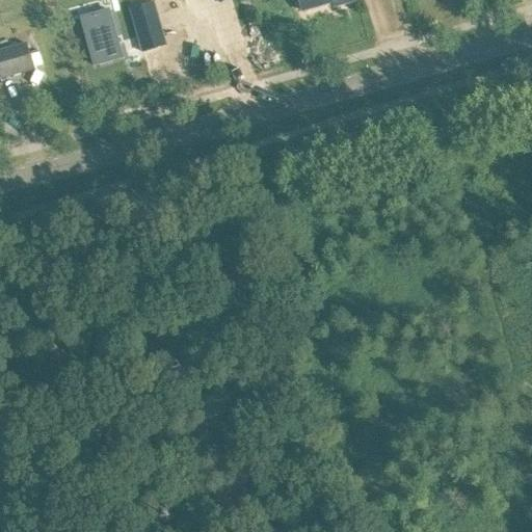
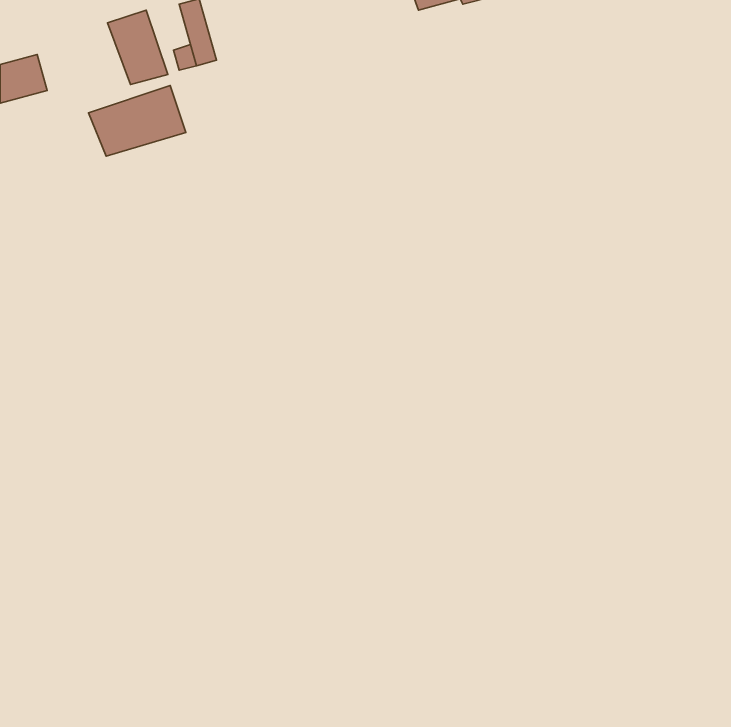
building: none -> [89,86,186,156]

